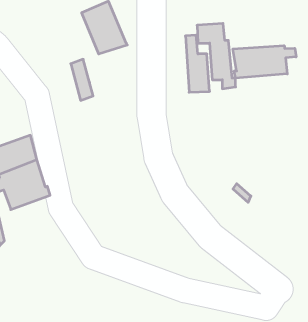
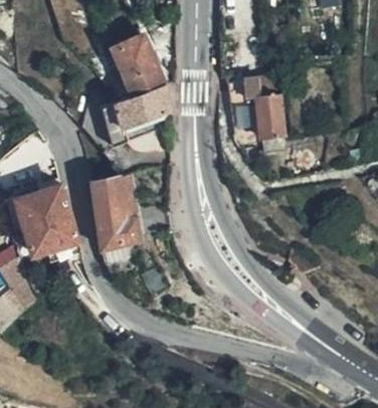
building: none -> [117,84,172,127]
building: [233,46,296,78] -> none
building: none -> [89,174,138,262]

